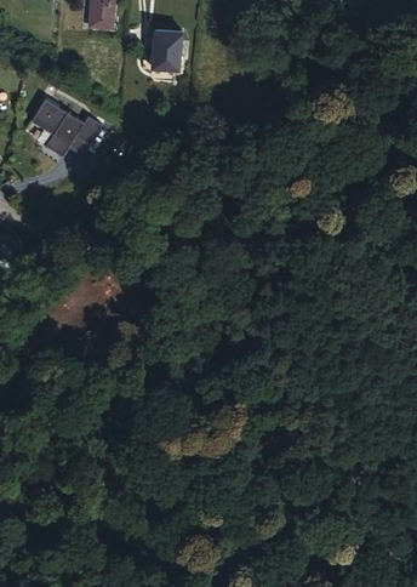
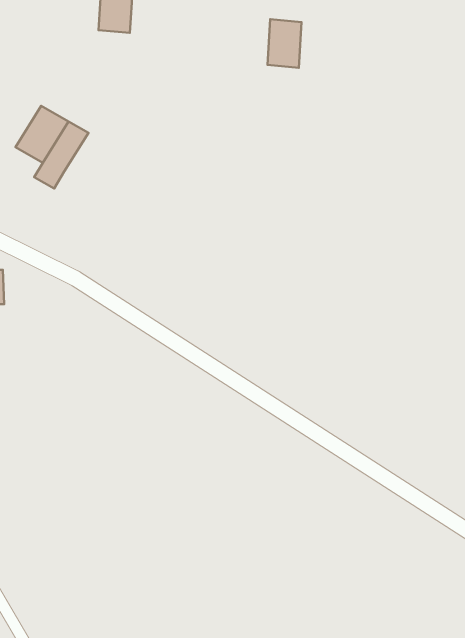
building: [156,29,185,70] -> [267,19,302,68]
building: [61,119,95,161] -> none

